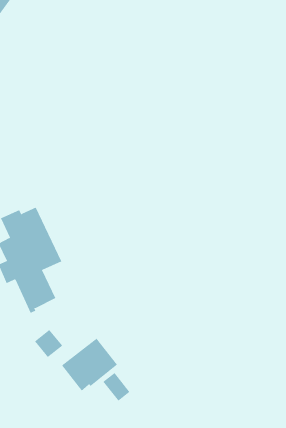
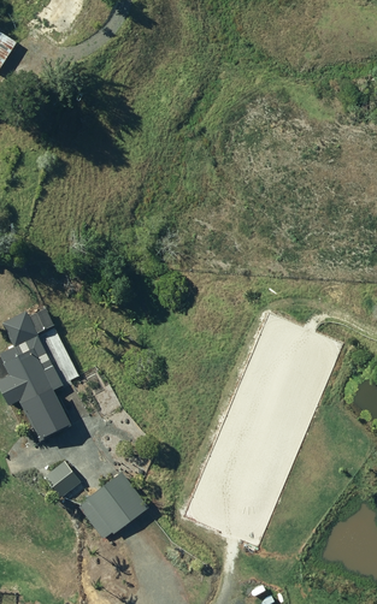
building: [103,372,130,402] -> none

